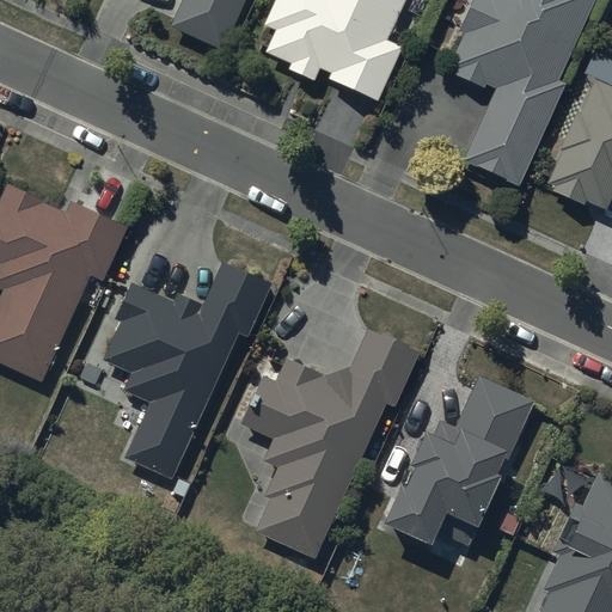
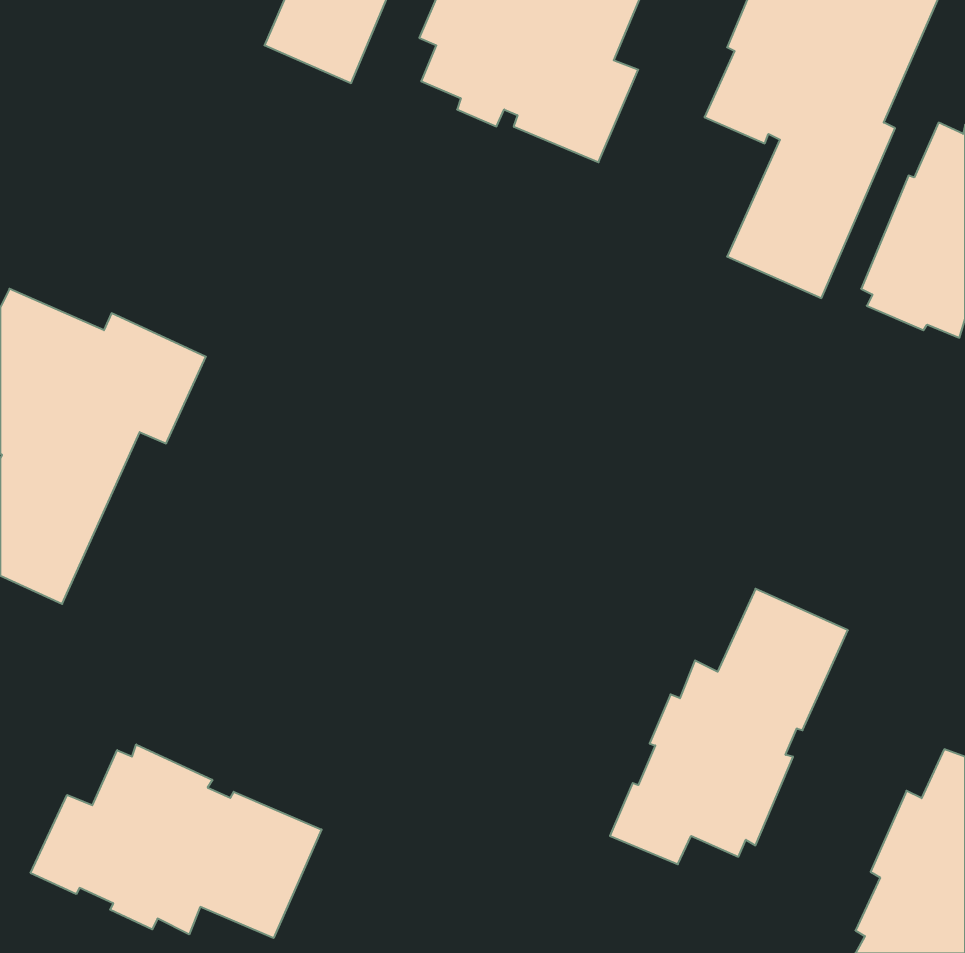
building: [104,258,275,479] -> none
building: [240,323,423,562] -> none
building: none -> [31,744,322,938]

